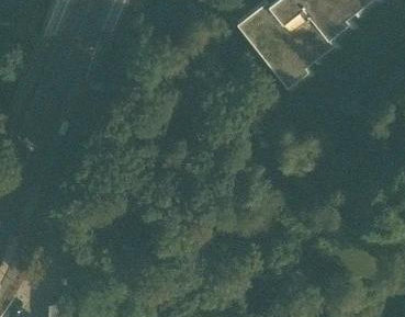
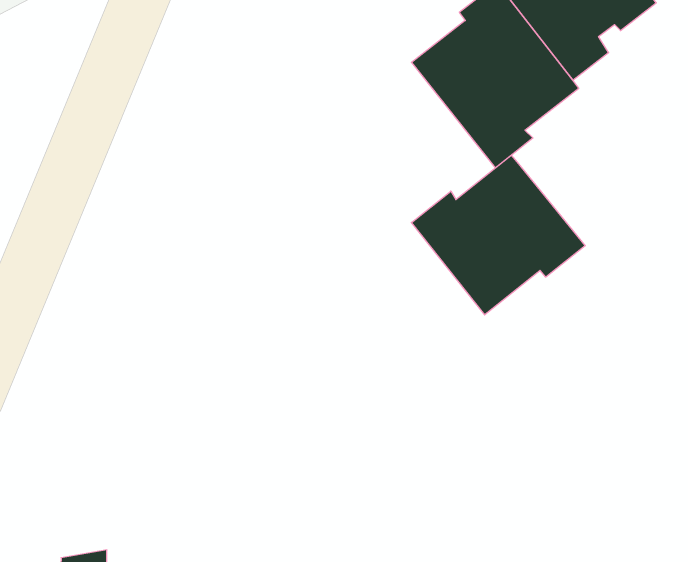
building: none -> [411,155,585,315]

